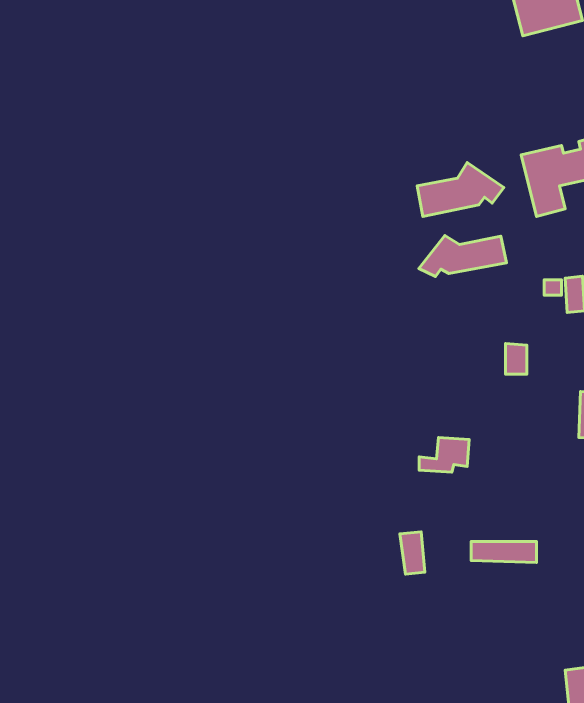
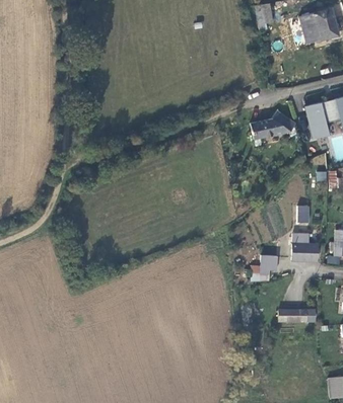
building: [419,235,506,277] -> none
building: none -> [292,233,318,261]

